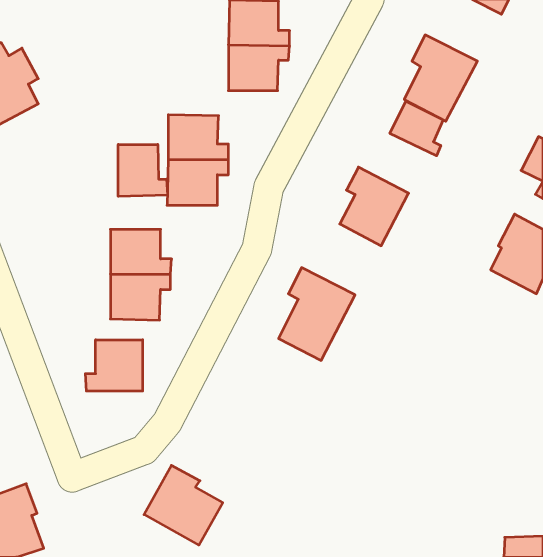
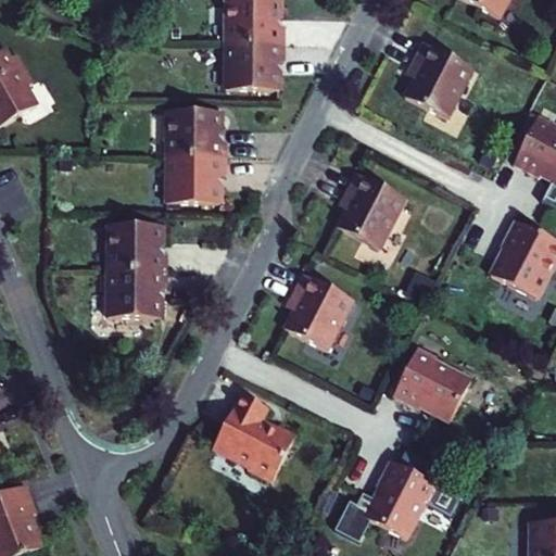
building: [390,101,443,156] -> none
building: [118,144,167,196] -> none
building: [85,340,143,391] -> none
building: none -> [392,343,472,419]
building: none -> [358,459,432,539]
building: [144,465,223,545] -> [216,413,294,492]

